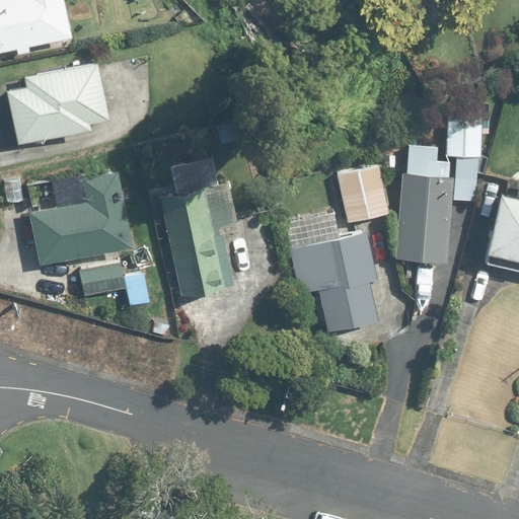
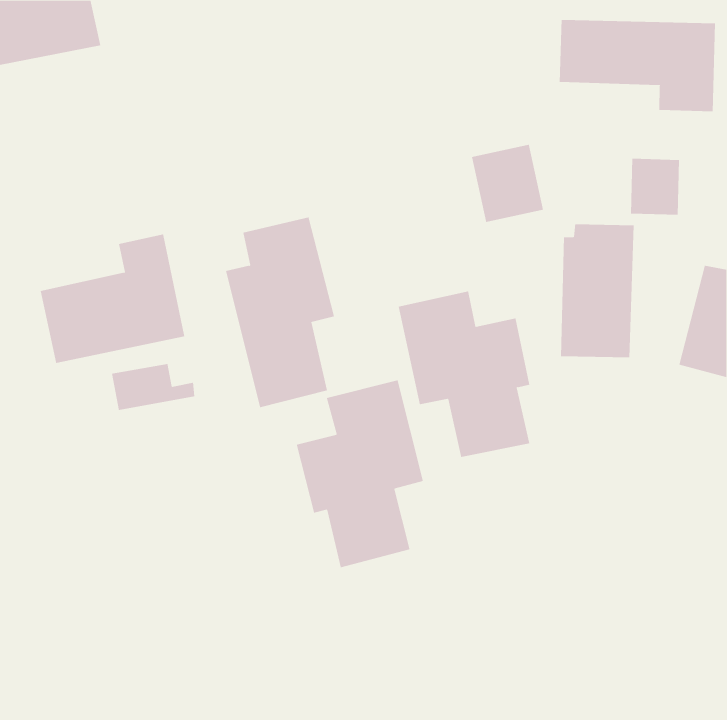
building: none -> [559,19,715,112]
building: [7,61,106,144] -> none
building: [337,169,388,225] -> [471,144,544,223]
building: none -> [296,380,423,568]

